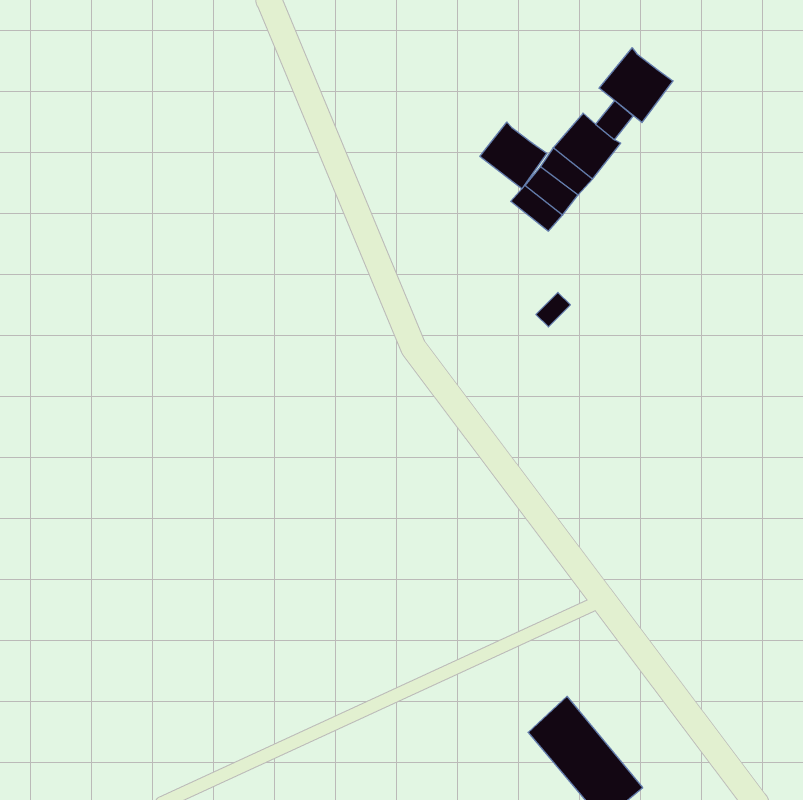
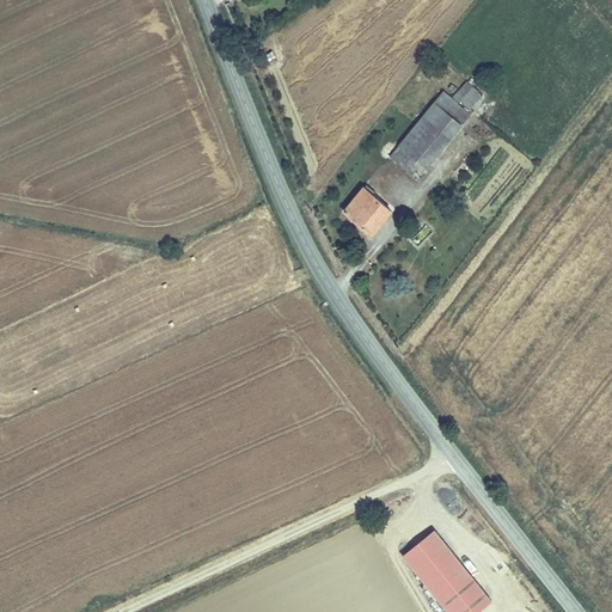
building: [599,48,673,123] -> none
building: [480,122,547,189] -> none
building: none -> [345,189,393,232]

